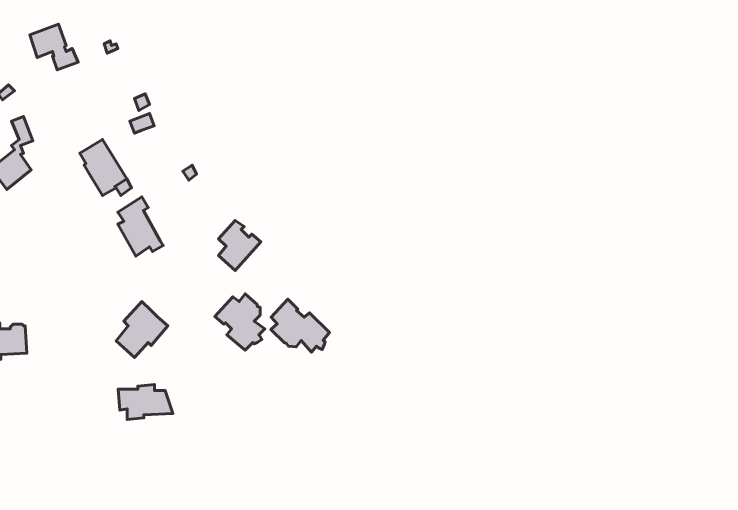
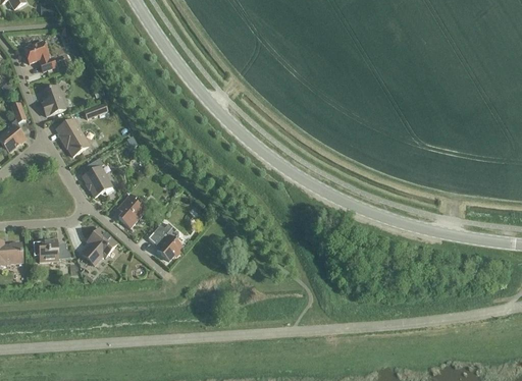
building: none -> [40,86,64,115]
building: [219,221,261,271] -> [117,194,146,227]
building: [271,299,330,352] -> none
building: [118,385,173,419] -> [32,238,68,262]

